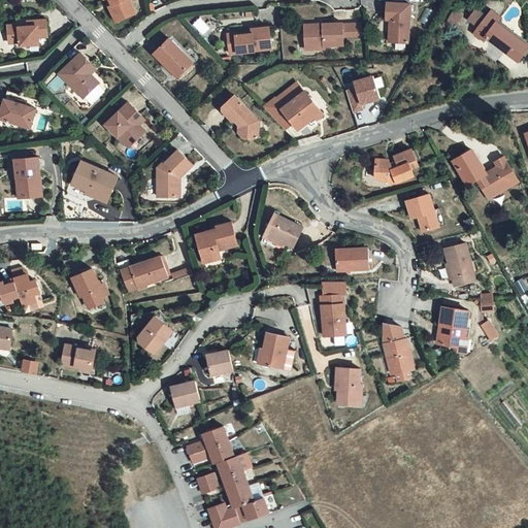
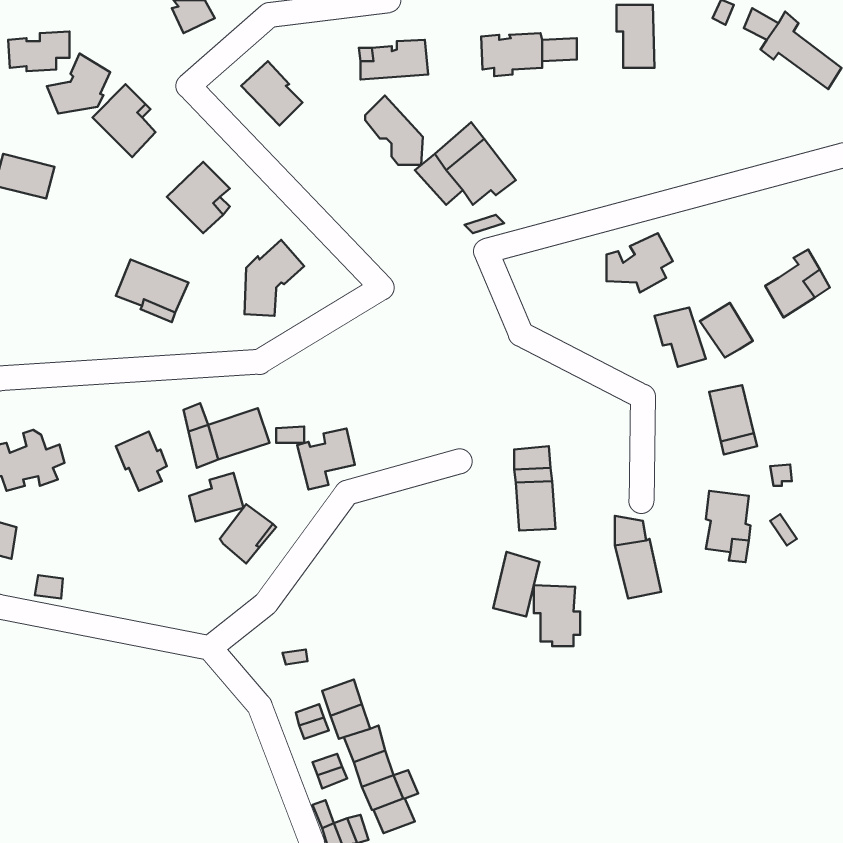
building: none -> [47,54,110,113]
building: [344,77,378,113] -> none
building: [220,96,256,139] -> [365,95,423,165]
building: [453,151,486,185] -> [700,303,753,357]
building: [16,159,41,200] -> none
building: [264,214,301,250] -> none
building: [200,224,236,262] -> [297,428,355,490]
building: [335,249,368,270] -> none
building: none -> [189,473,243,522]
building: [261,330,290,370] -> [493,552,540,616]
building: [59,344,93,369] -> none
building: [206,351,231,376] -> none
building: [168,381,197,406] -> none

